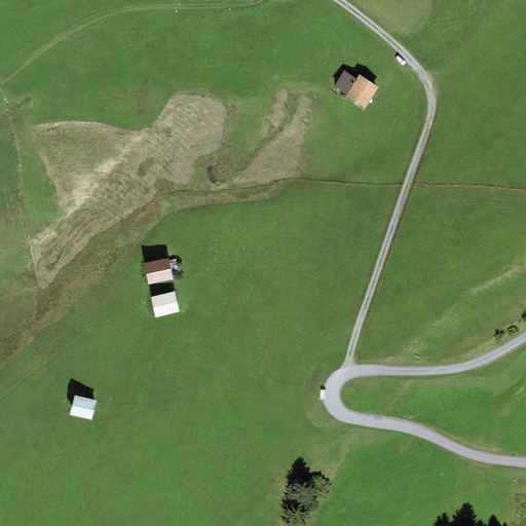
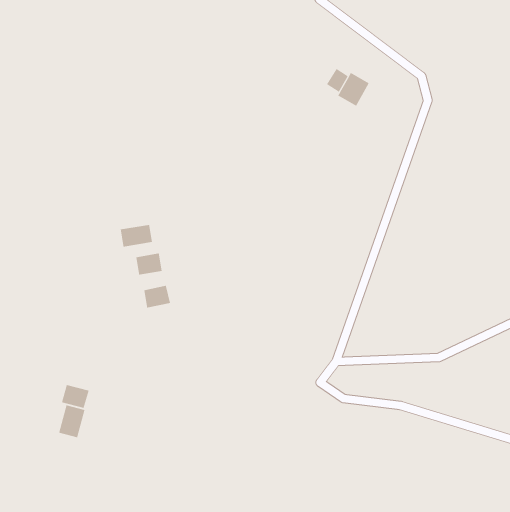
building: none -> [120,224,153,247]
building: none -> [59,404,85,438]

